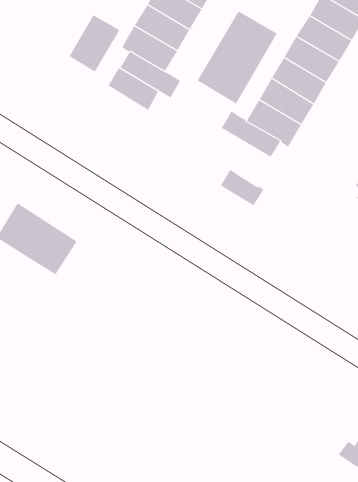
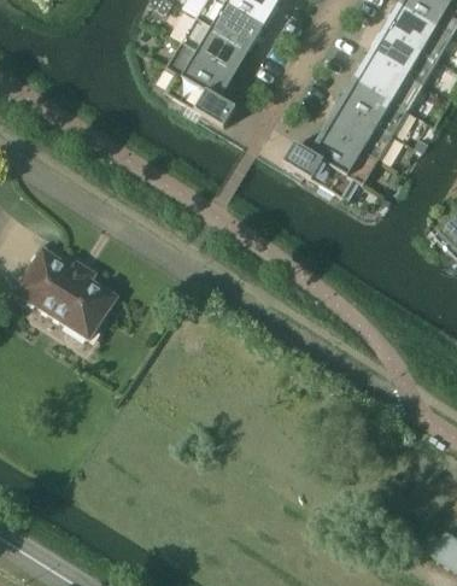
building: [197,10,277,104] -> none
building: [69,15,120,72] -> none
building: [108,67,159,111] -> none
building: [220,169,264,206] -> none

